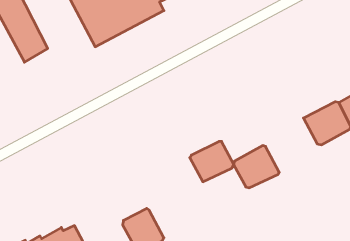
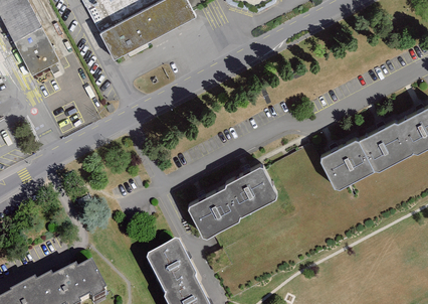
building: [234,146,279,188] -> [320,140,374,189]
building: none -> [189,187,240,237]

